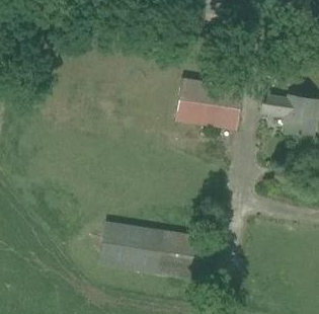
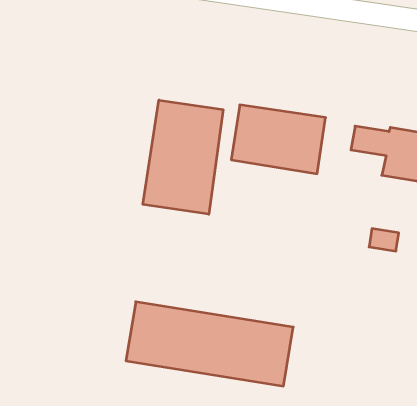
building: none -> [143,100,223,214]

